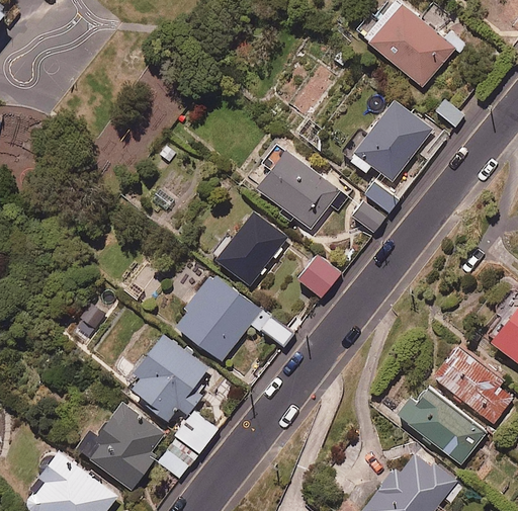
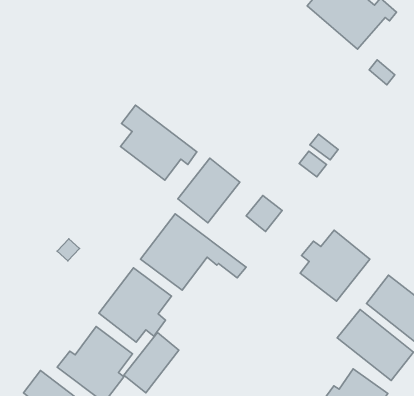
building: [349,100,432,182] -> none
building: [259,142,346,228] -> [121,105,197,180]
building: none -> [300,230,370,301]

